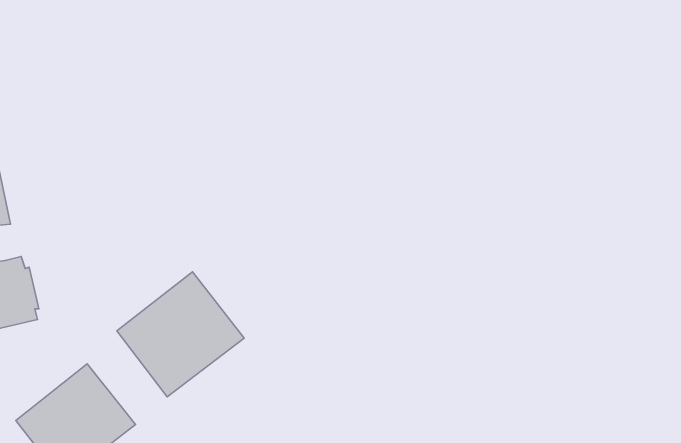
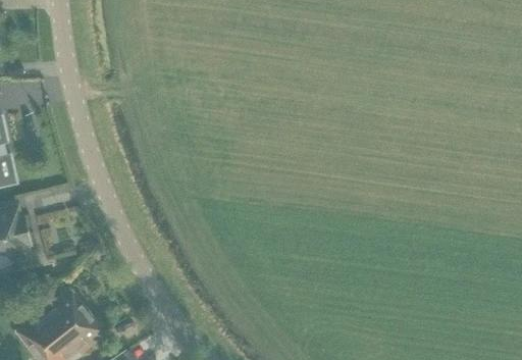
building: [117,272,244,397] -> none

